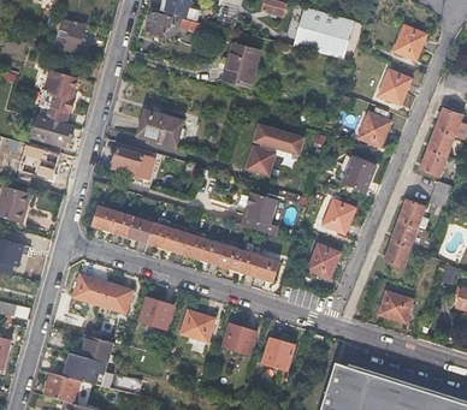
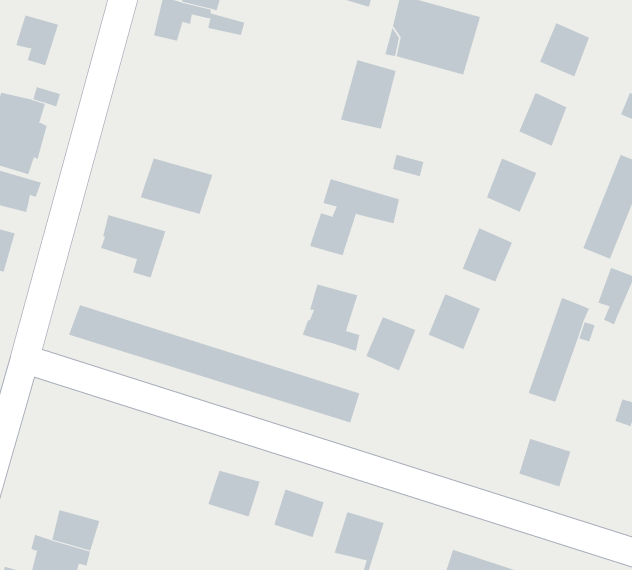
building: [223,41,259,85] -> [340,60,396,129]
building: [307,243,339,278] -> [365,317,416,371]
building: [72,273,131,311] -> none
building: [138,296,172,327] -> none

